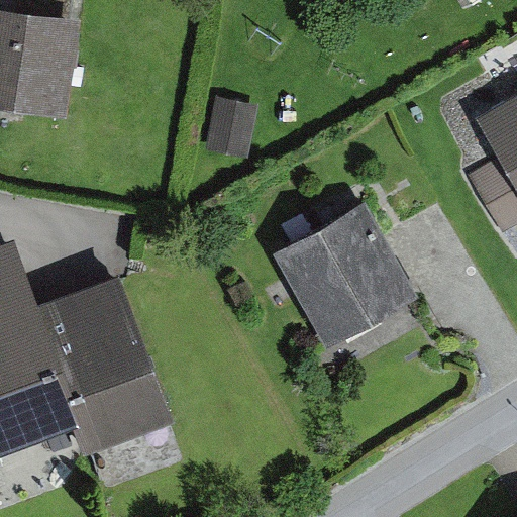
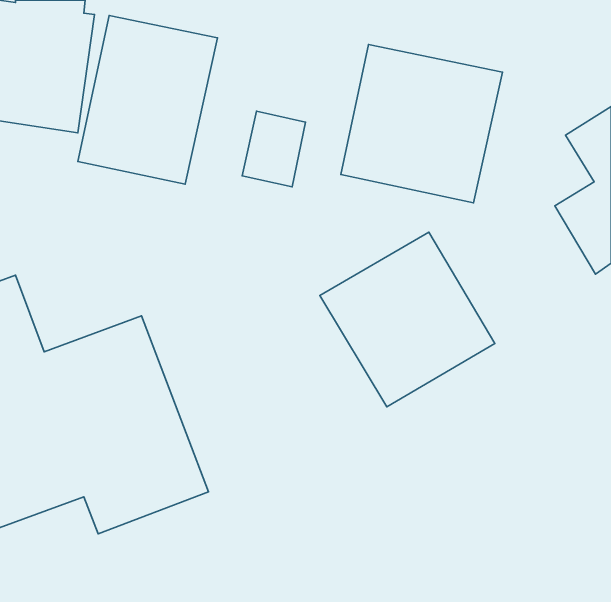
building: none -> [78,16,217,184]
building: none -> [341,44,503,203]

